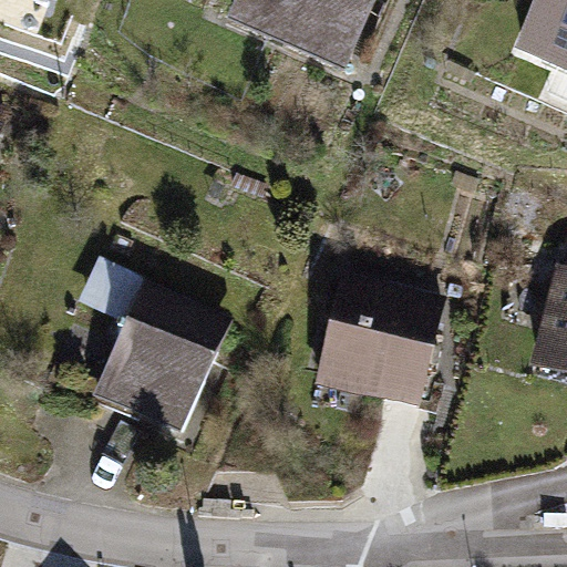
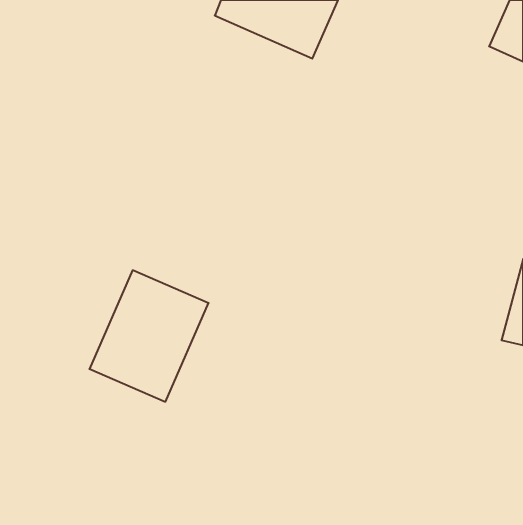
building: [321,285,440,406] -> none

